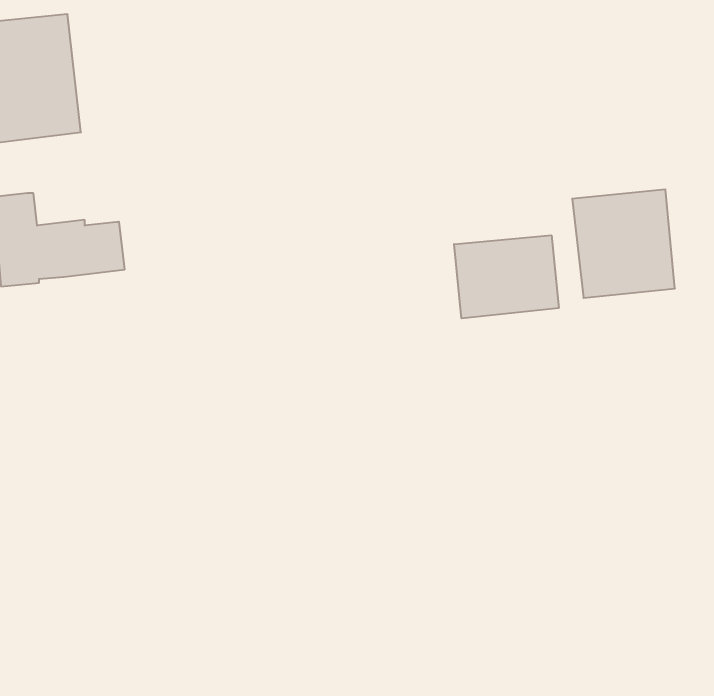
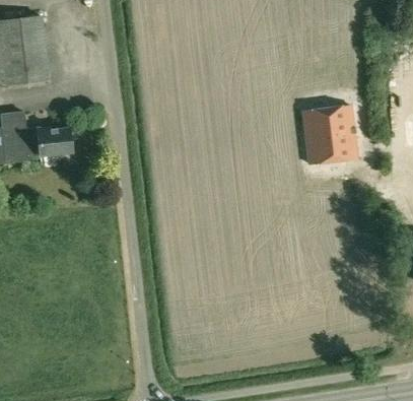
building: [454,235,559,318] -> none

